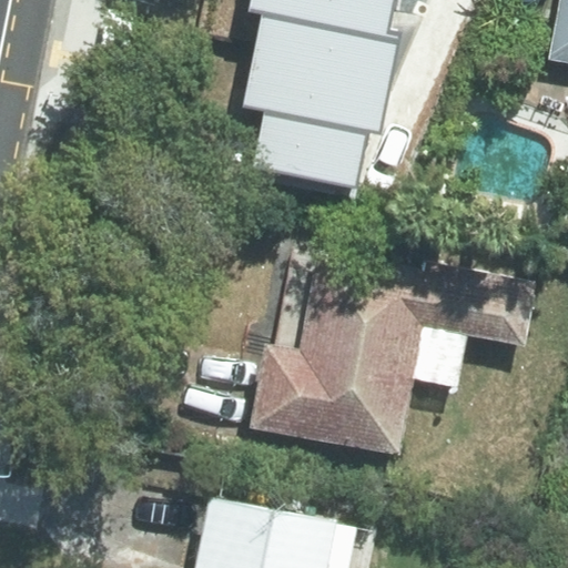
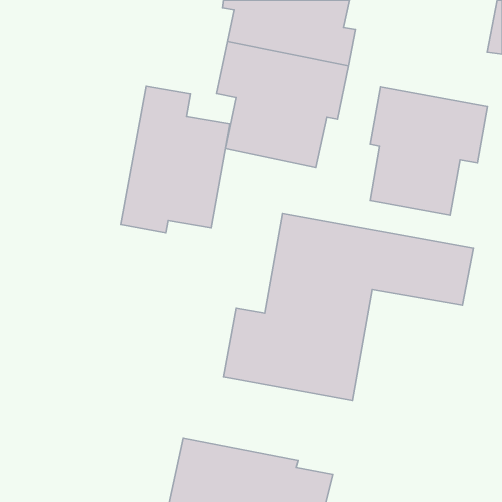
building: none -> [121,86,230,233]
building: none -> [370,87,488,215]

